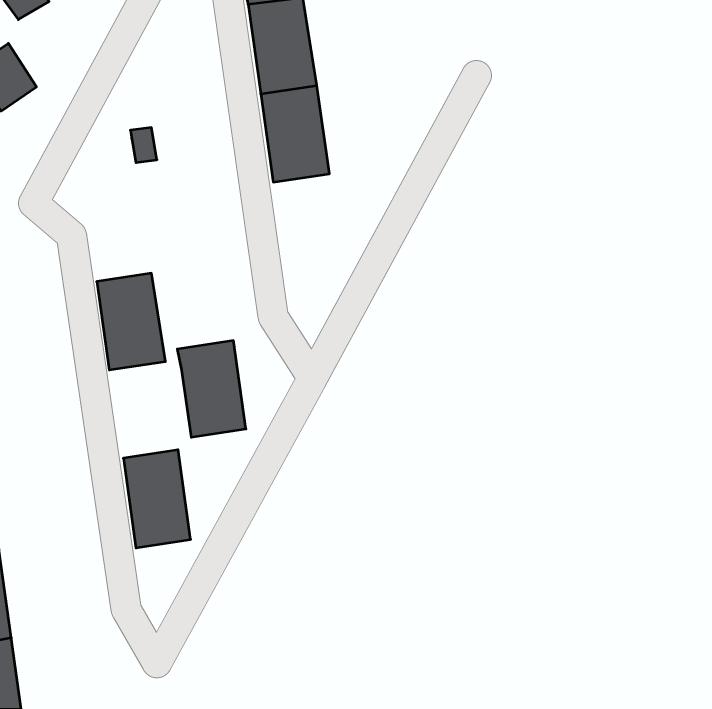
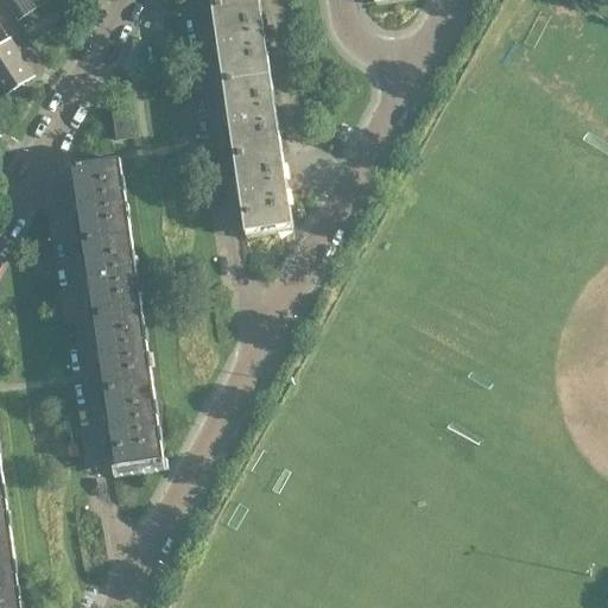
building: none -> [232,147,290,229]
building: none -> [71,157,128,239]
building: [177,341,246,437] -> [93,306,151,388]

